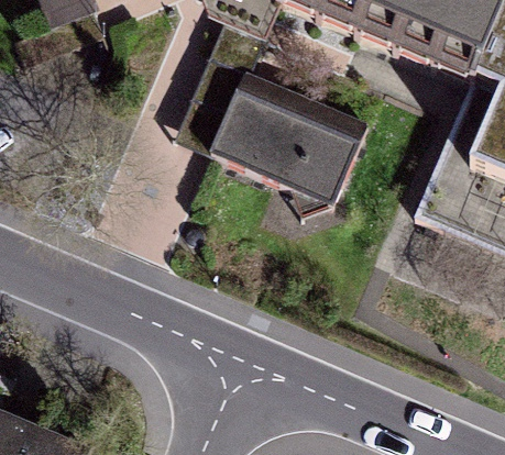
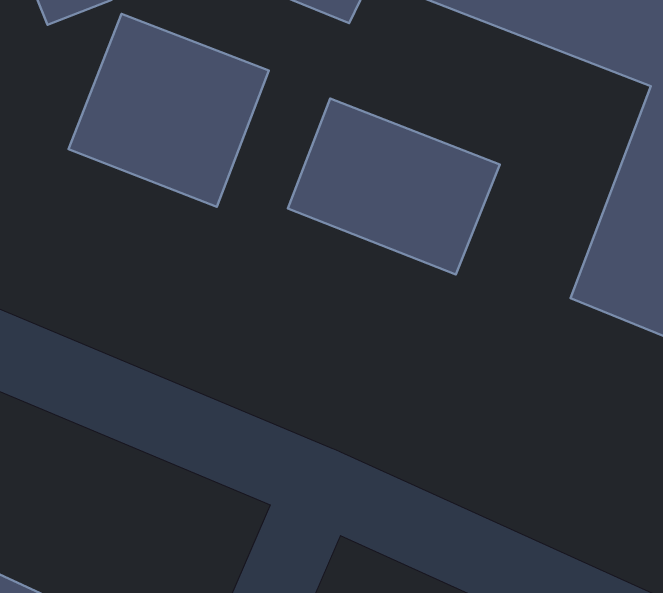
building: none -> [68,14,269,207]

